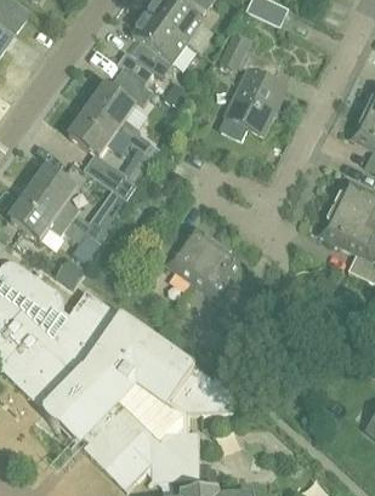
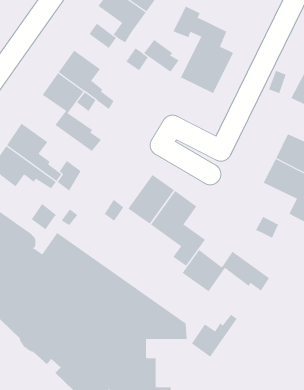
building: [112,67,153,104] -> [143,39,180,72]
building: none -> [182,249,270,292]
building: none -> [191,314,238,357]

